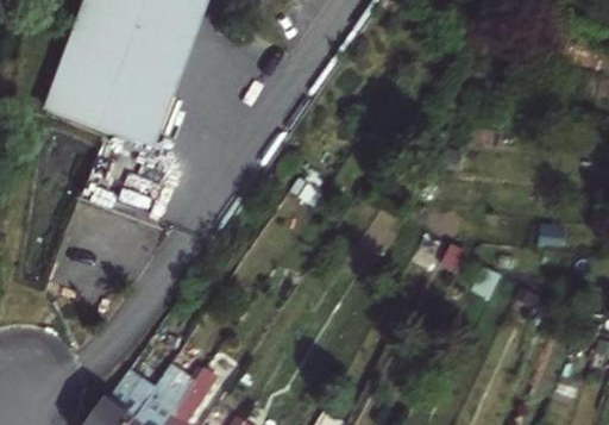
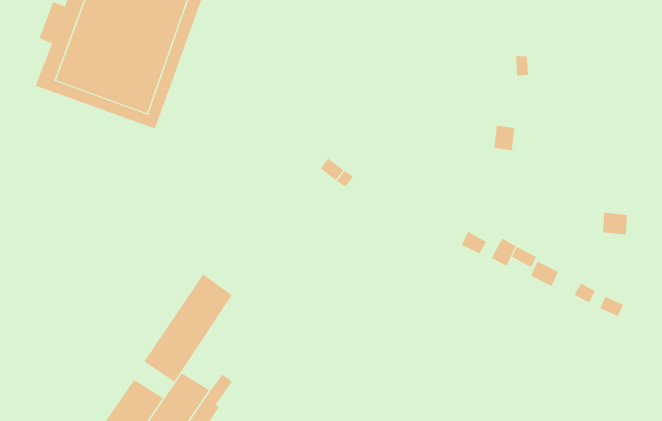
building: none -> [144,274,233,383]

